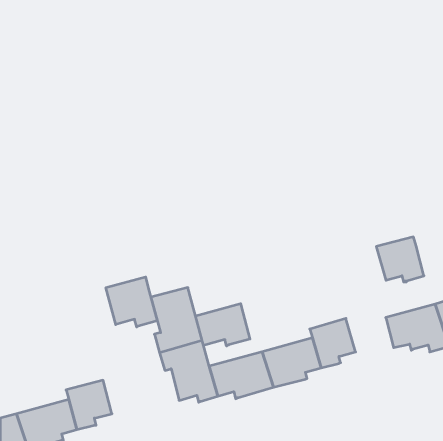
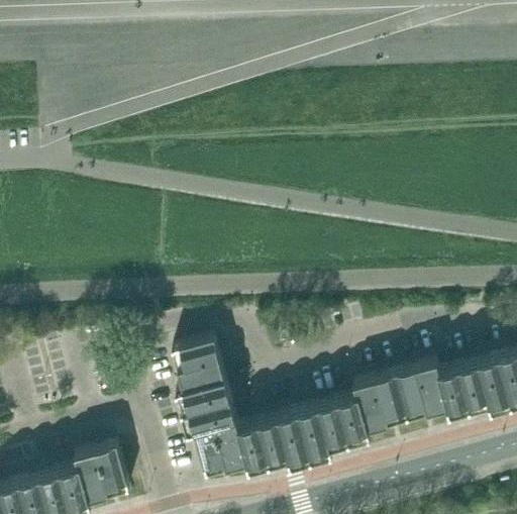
building: [376,237,424,282] -> [396,361,450,412]
building: [106,277,157,327] -> none
building: [195,304,250,346] -> none

